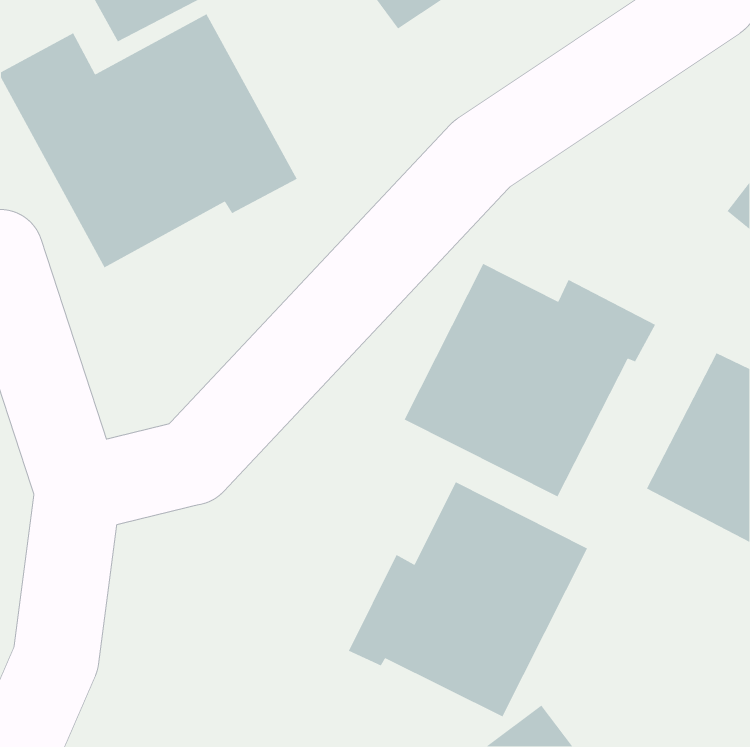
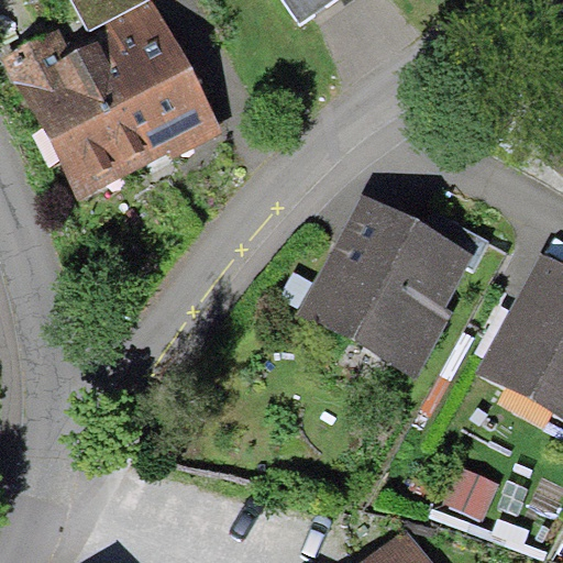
building: [348,481,588,717] -> none

